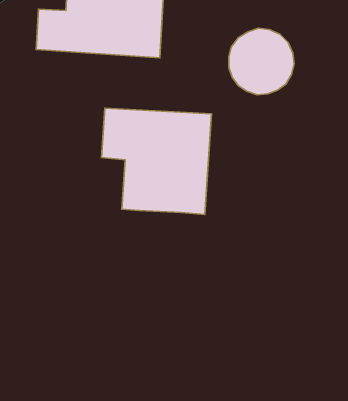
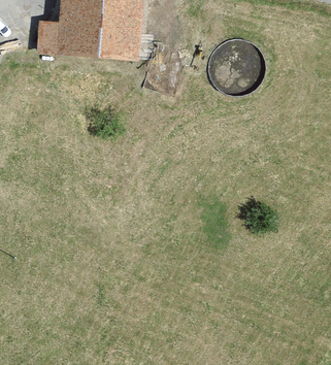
building: [102,108,211,214] -> none

